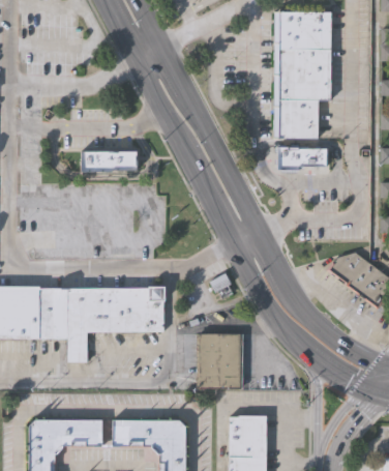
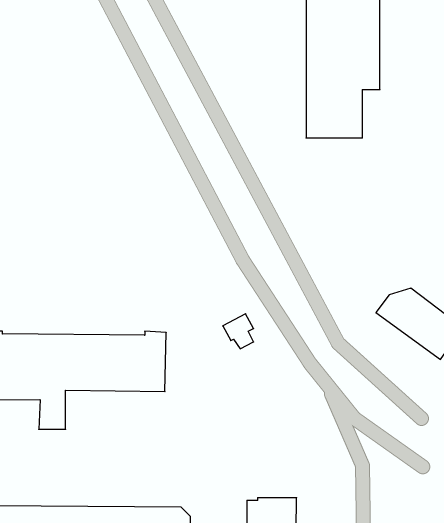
building: [277,148,327,170] -> none
building: [81,151,137,171] -> none
building: [197,334,243,389] -> none

